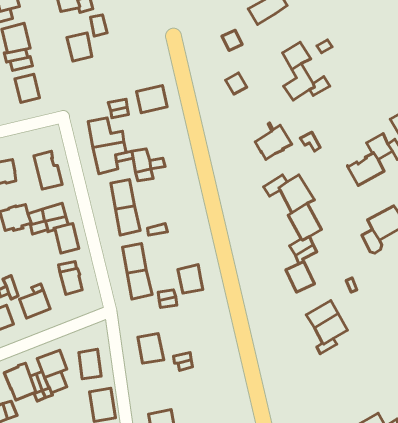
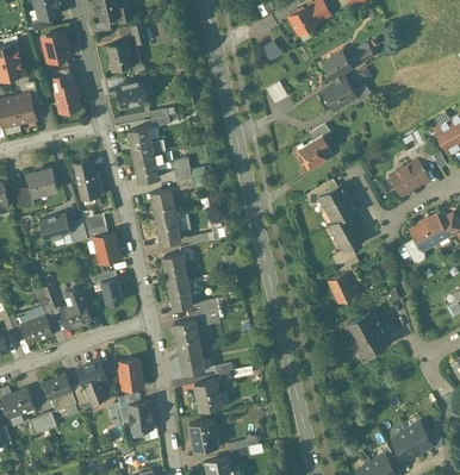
building: [136,86,167,113] -> [116,80,147,107]
building: [178,265,203,293] -> [173,319,198,348]
building: none -> [193,381,220,411]

